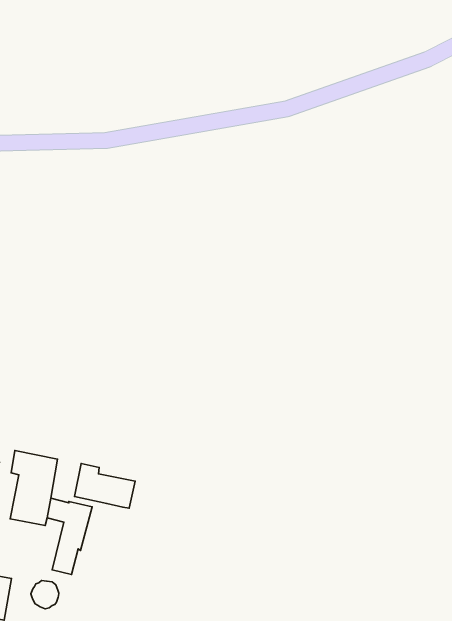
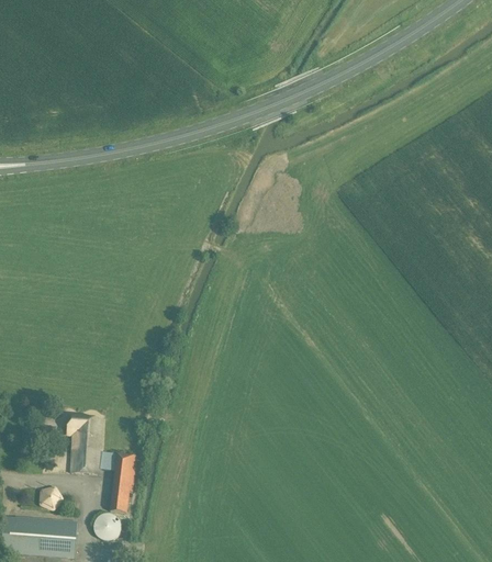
building: [75,463,135,508] -> none

